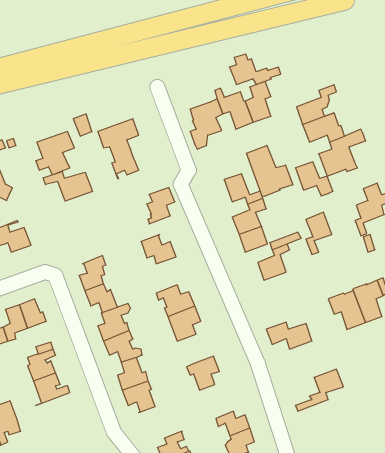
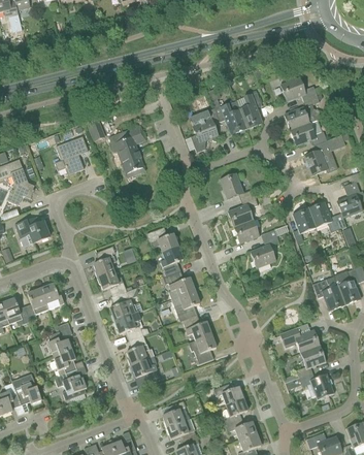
building: [229,54,281,85] -> [280,73,326,100]
building: [247,145,293,196] -> none
building: [295,162,333,196] -> [308,202,341,232]
building: [43,172,93,201] -> none
building: [147,188,175,224] -> [159,247,184,279]
building: [266,322,312,349] -> [279,329,320,353]
building: none -> [179,315,211,340]
building: none -> [55,366,87,400]
building: none -> [299,372,334,399]

